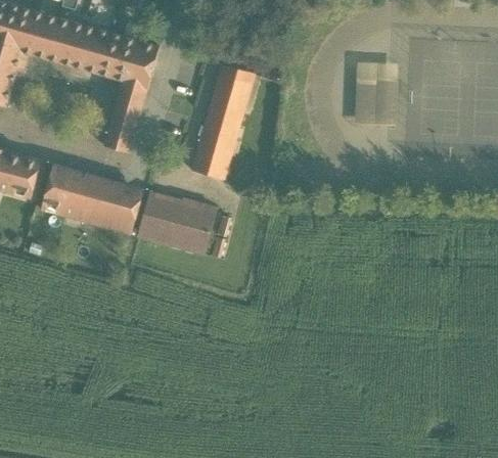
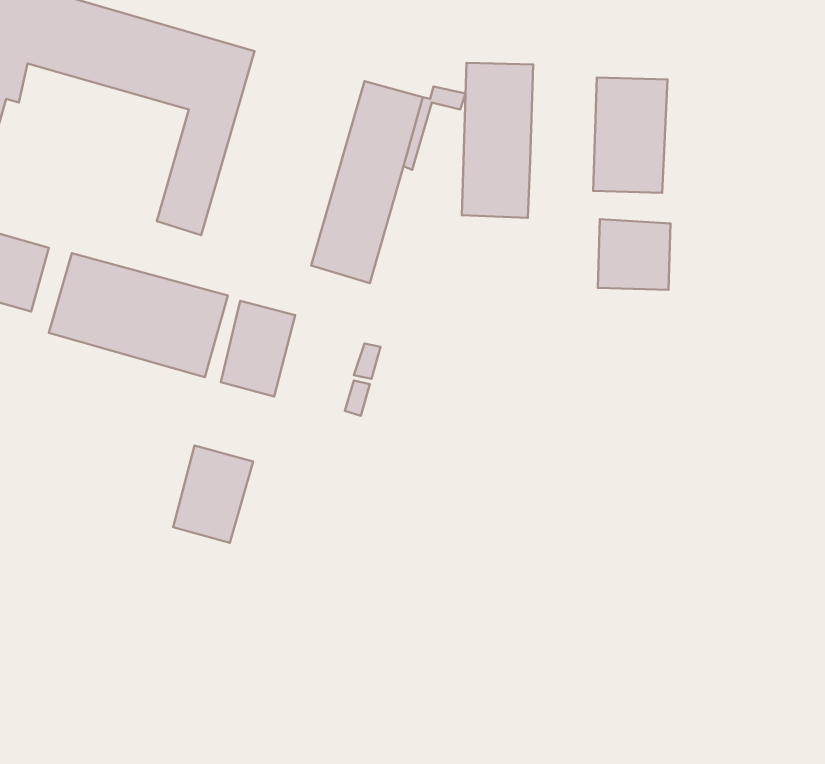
building: none -> [462,63,533,218]
building: none -> [598,219,670,290]
building: [170,197,216,254] -> [173,446,253,543]

